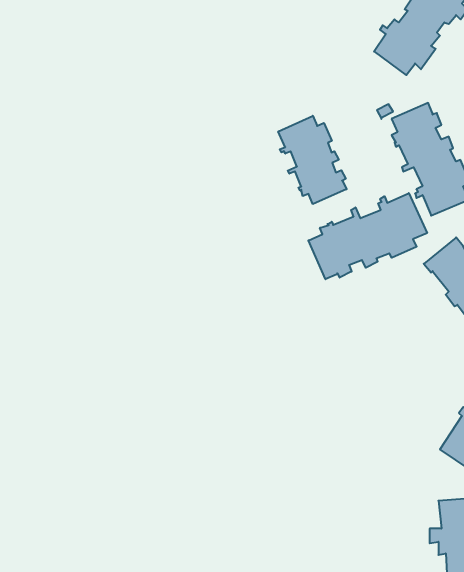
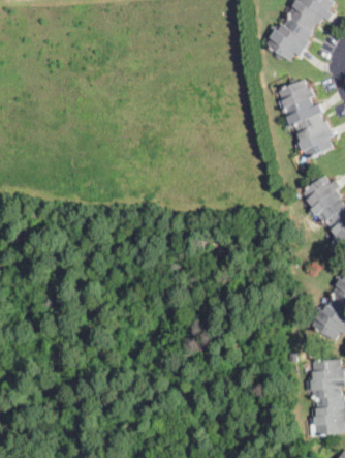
building: [278,116,347,204] -> none
building: [308,193,427,279] -> none

